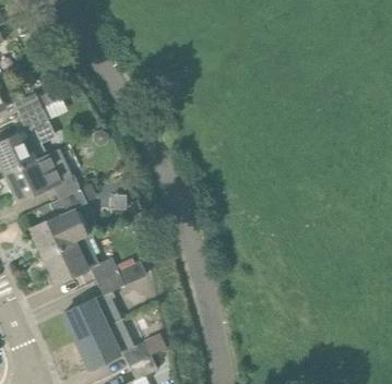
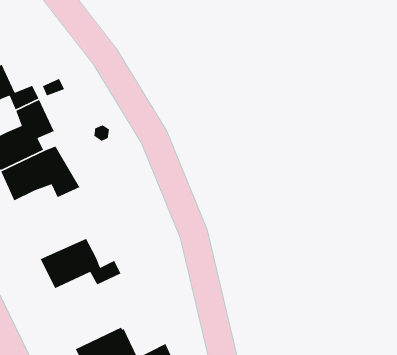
building: [29,189,86,255] -> none
building: [62,260,146,339] -> none

